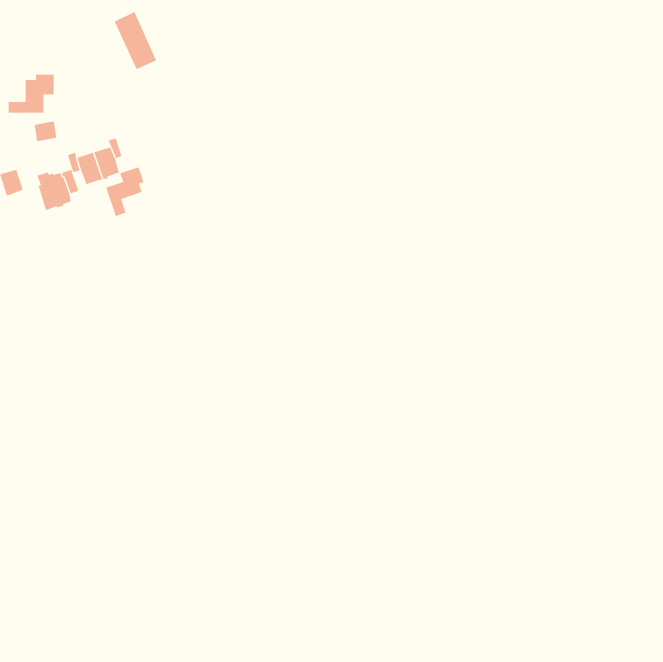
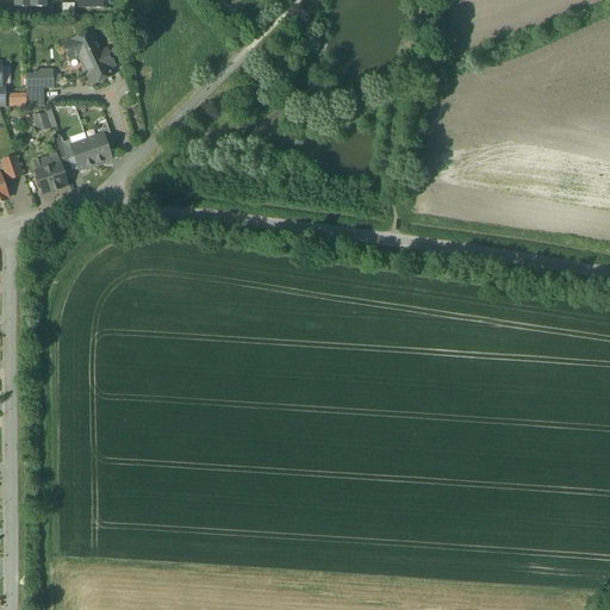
building: [114,11,157,70] -> [71,30,111,83]
building: [105,167,144,217] -> none

